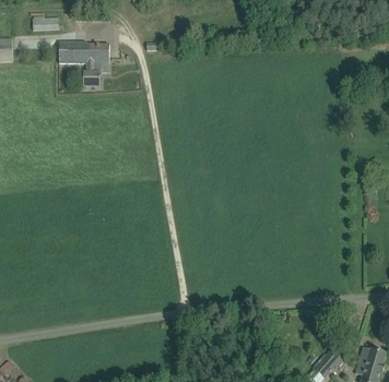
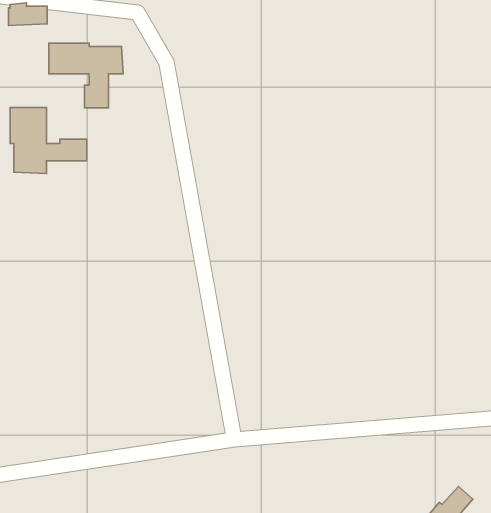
building: none -> [10,108,87,174]

